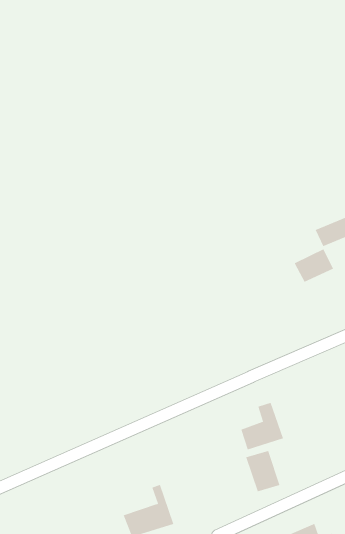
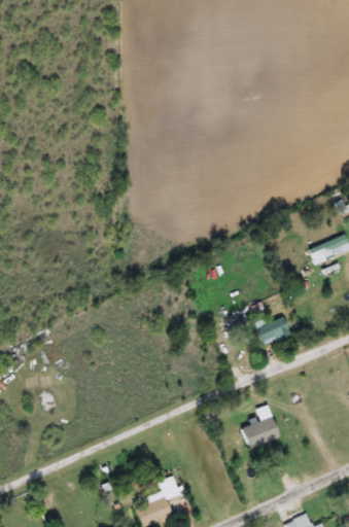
building: [294,248,334,283] -> [255,315,291,346]
building: [246,450,280,492] -> none

